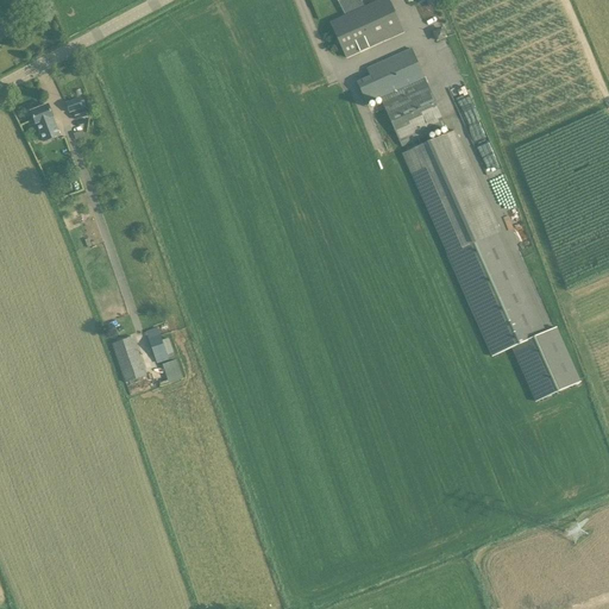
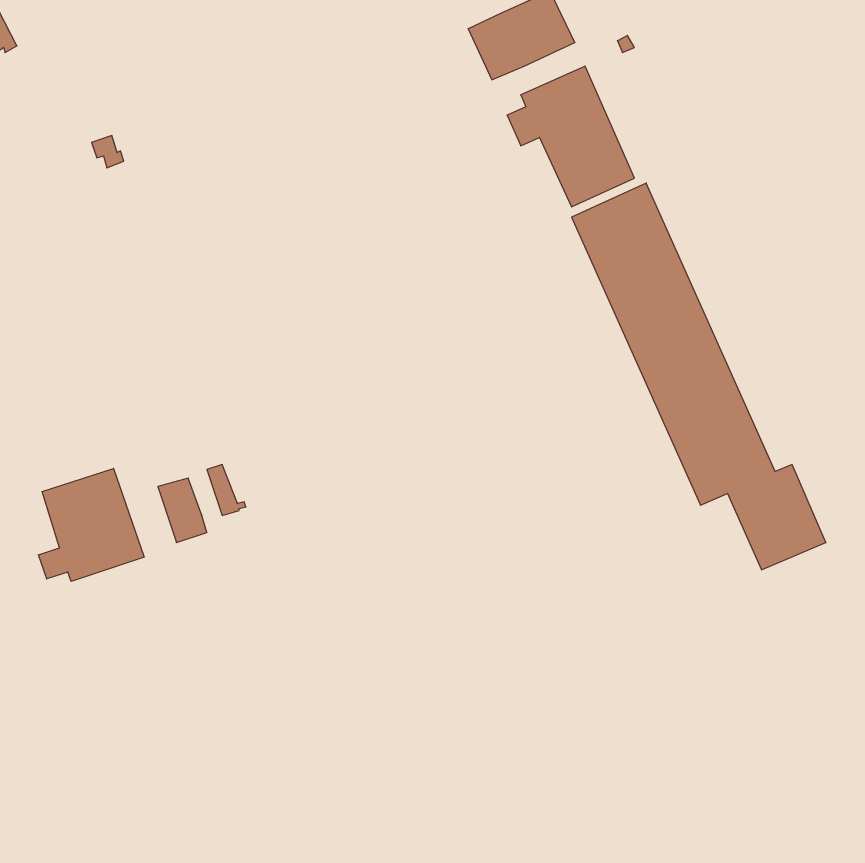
building: [30,103,57,139] -> none
building: none -> [38,468,144,581]

